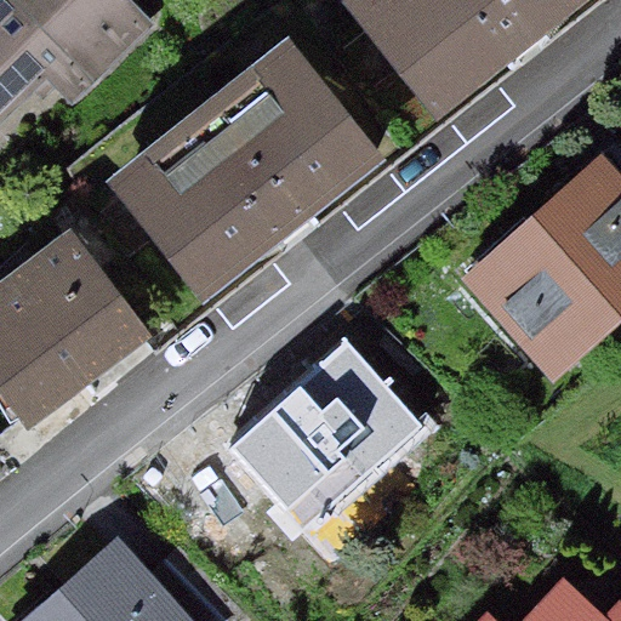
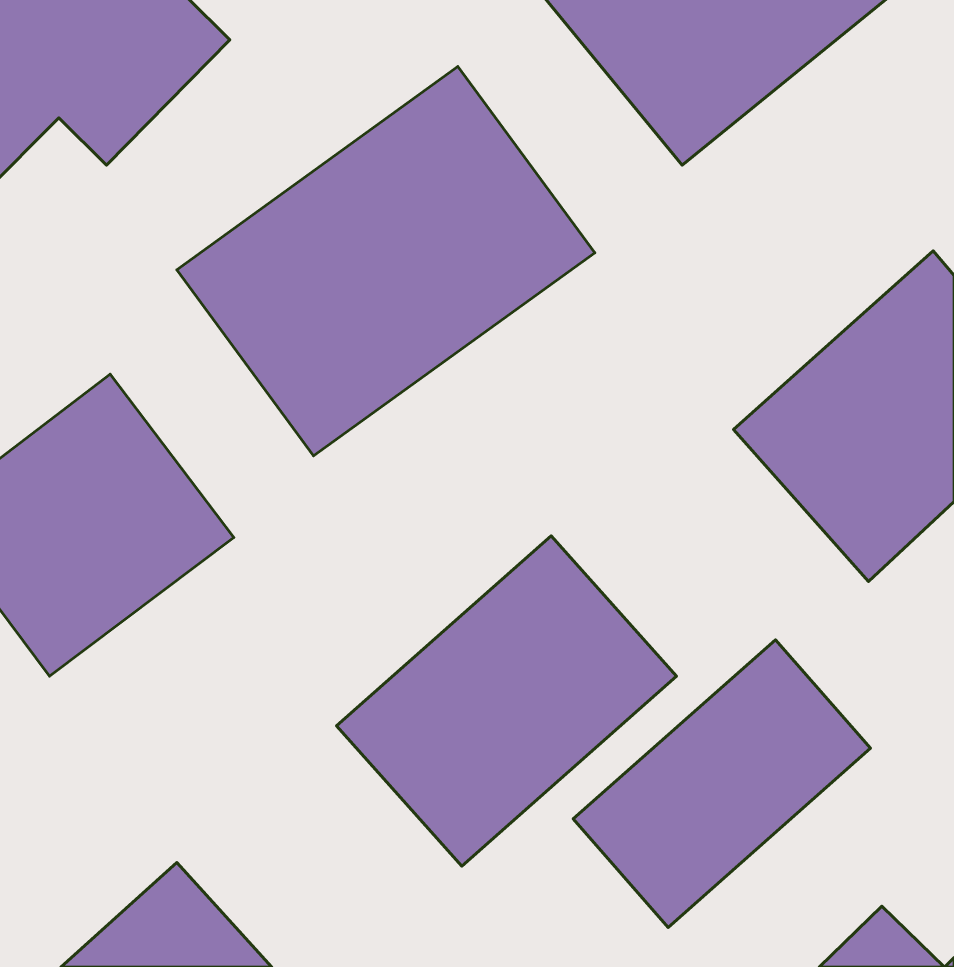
building: none -> [573,640,871,927]

